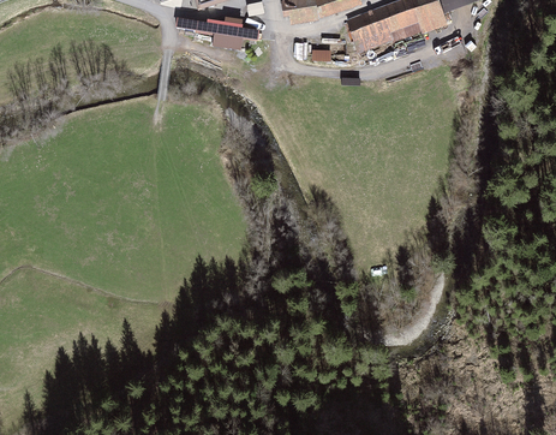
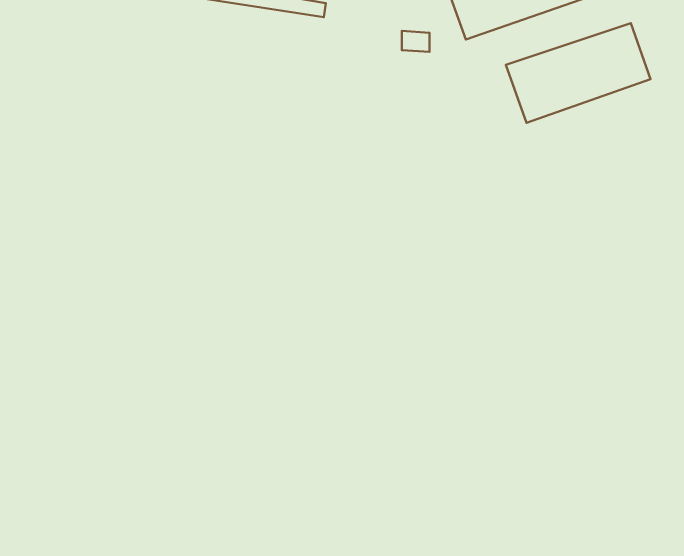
building: none -> [506,23,650,123]

